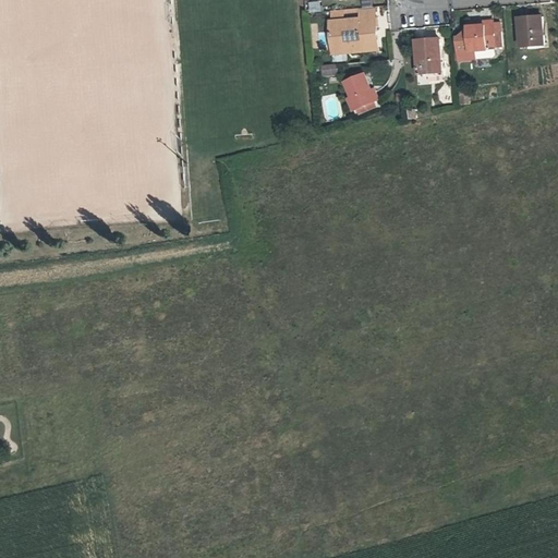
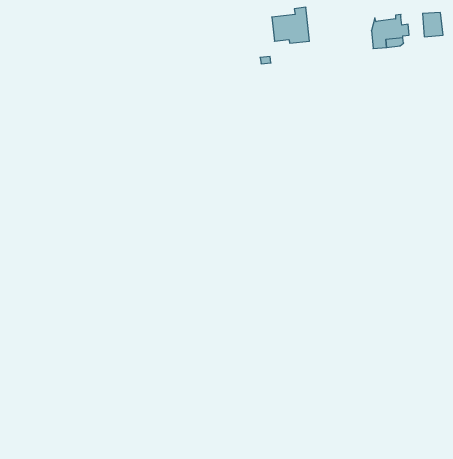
building: [414,39,441,74] -> none
building: [343,73,378,112] -> none

